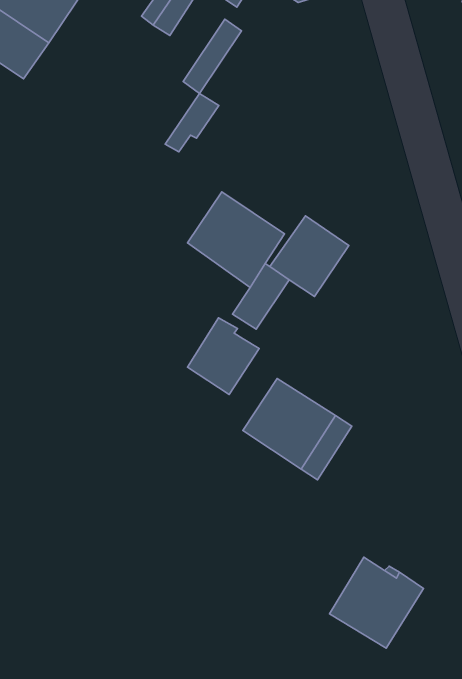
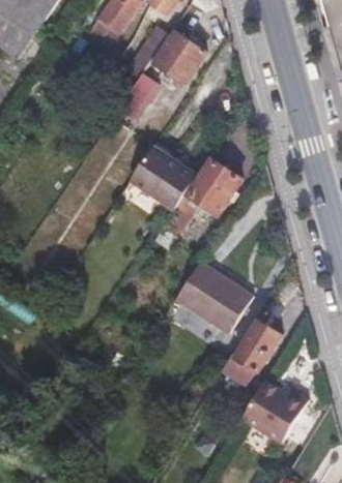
building: none -> [155,26,210,82]
building: [187,318,259,394] -> none
building: none -> [218,331,273,392]

